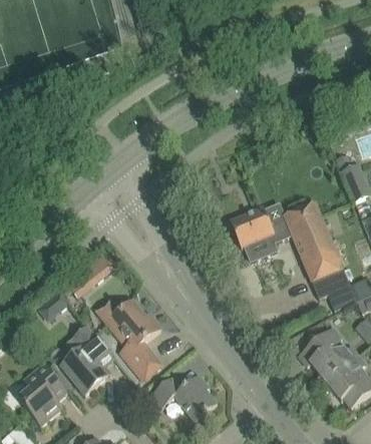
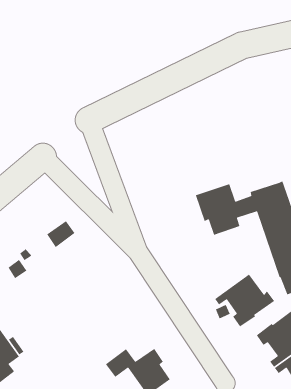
building: none -> [214,274,275,327]
building: [95,300,160,380] -> none
building: [60,326,119,394] -> none

